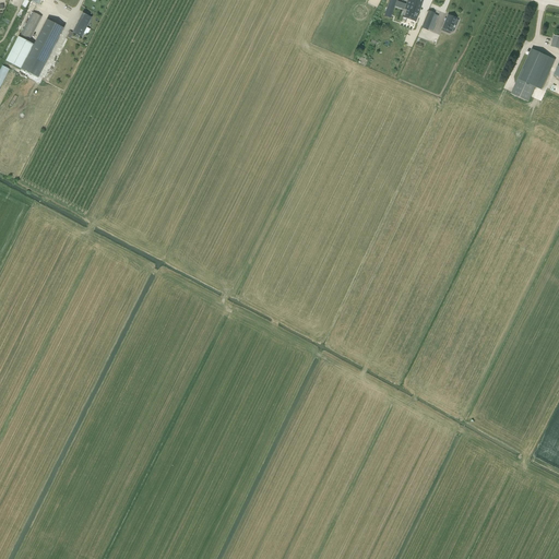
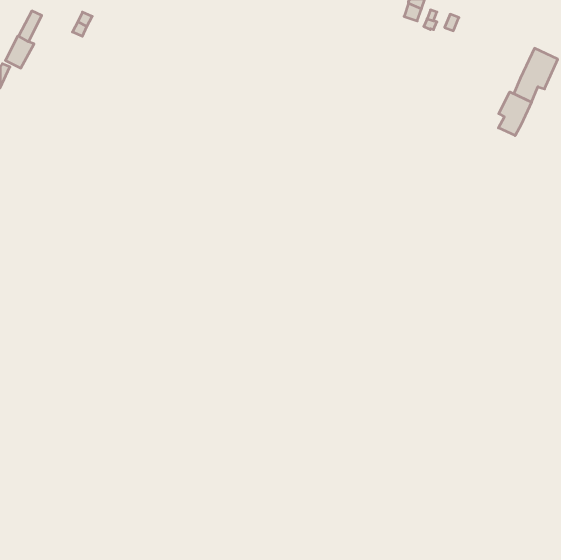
building: [21,19,63,76] -> none
building: none -> [498,92,532,136]

